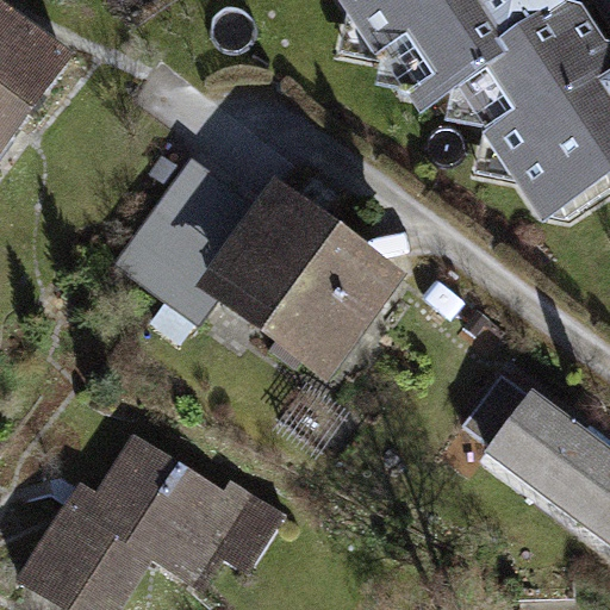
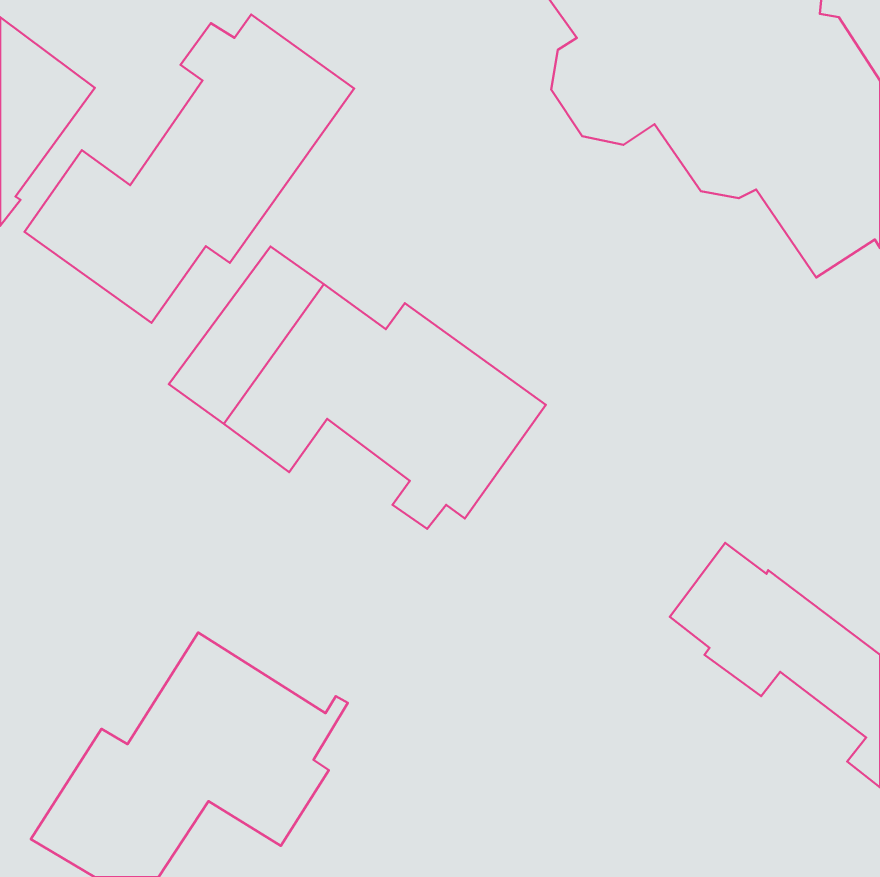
building: none -> [25,14,354,323]

